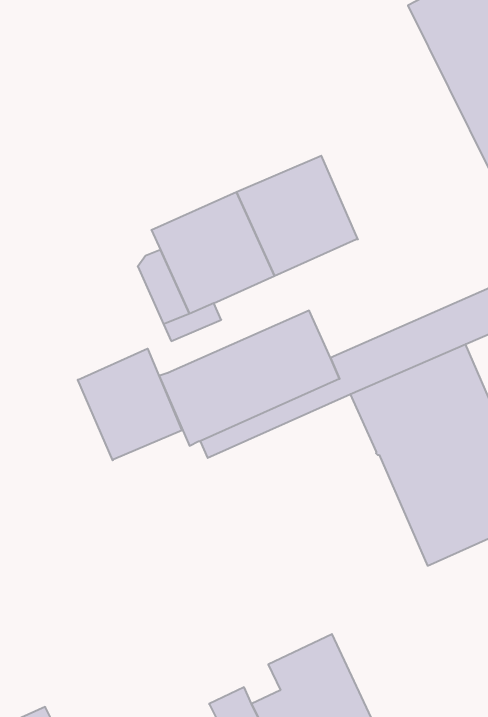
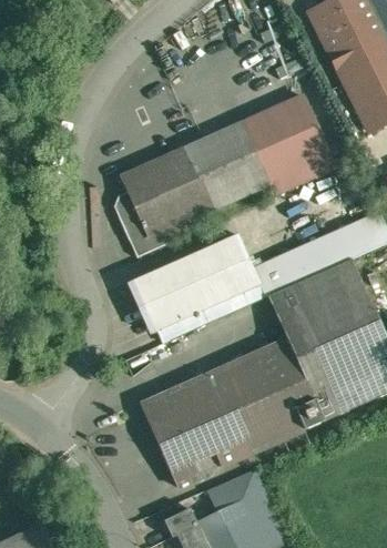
building: none -> [245,95,352,193]
building: [78,349,182,460] -> none
building: none -> [139,339,323,486]

